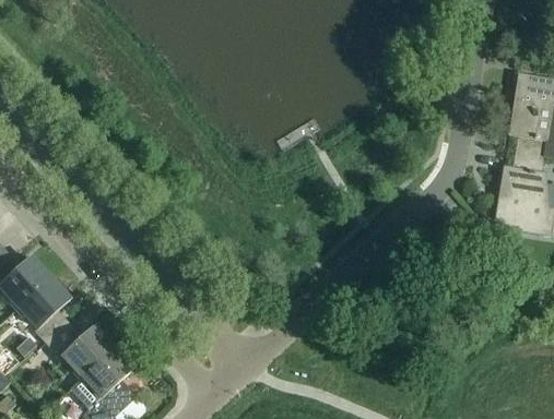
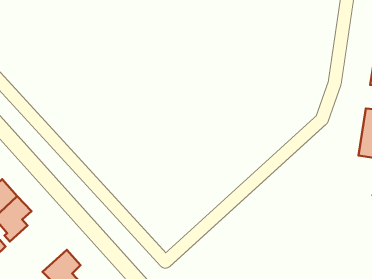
building: [45,320,116,376] -> none

